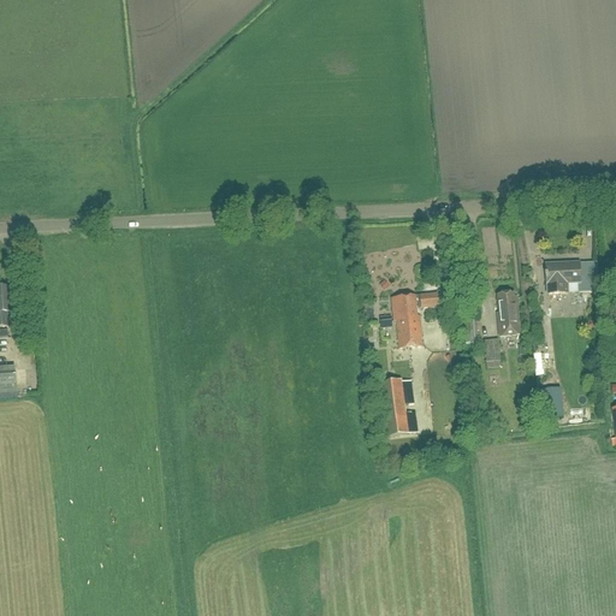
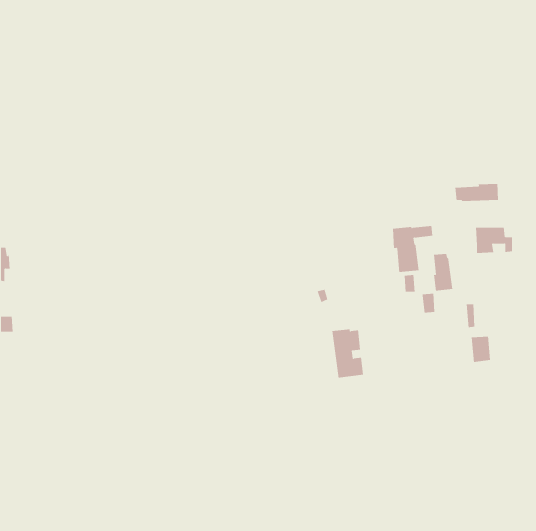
building: none -> [455,183,499,202]
building: [391,291,438,345] -> [392,225,433,273]

